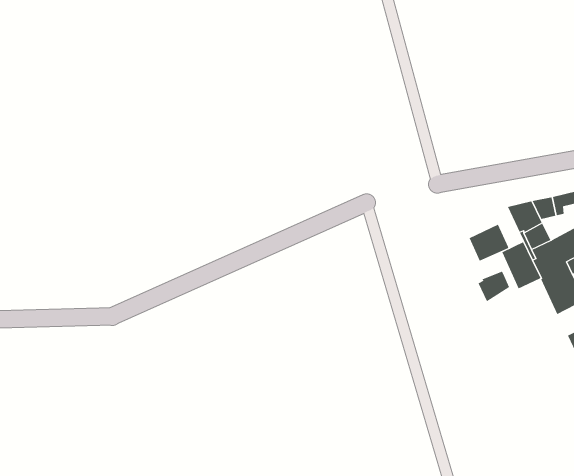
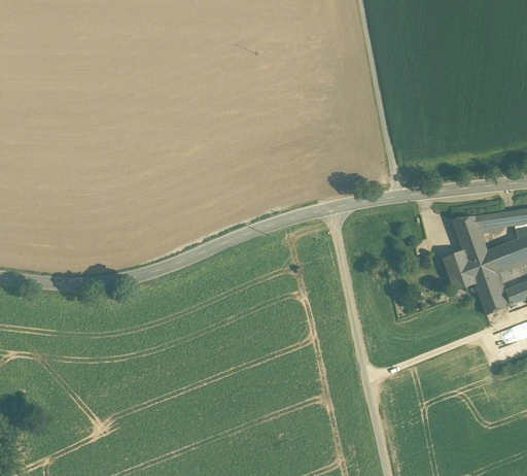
building: [469,224,510,261] -> none
building: [478,271,510,302] -> none

